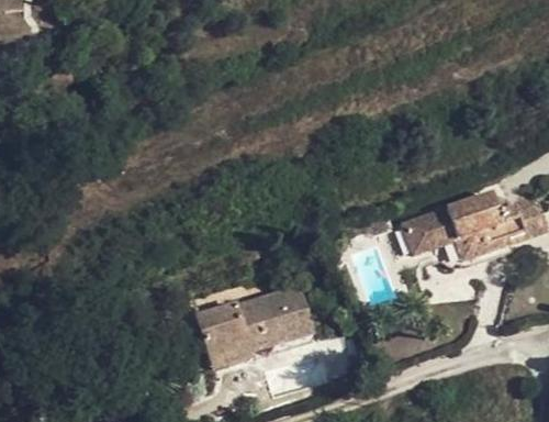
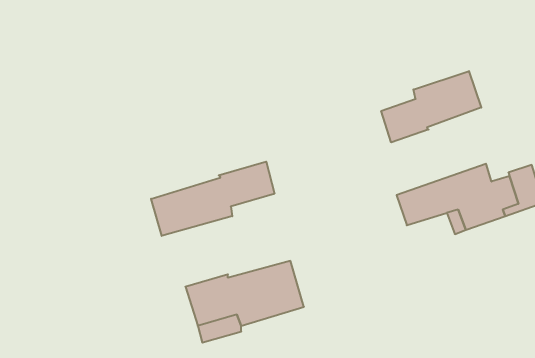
building: none -> [381,71,481,142]
building: none -> [151,162,274,236]

